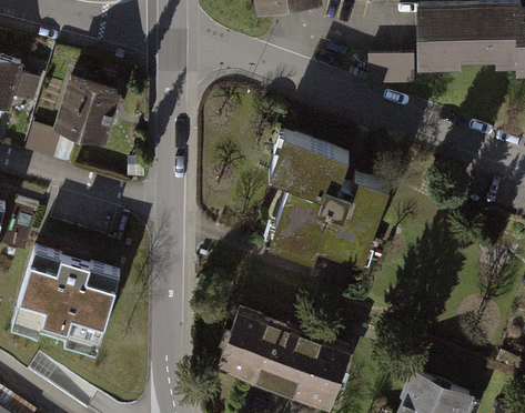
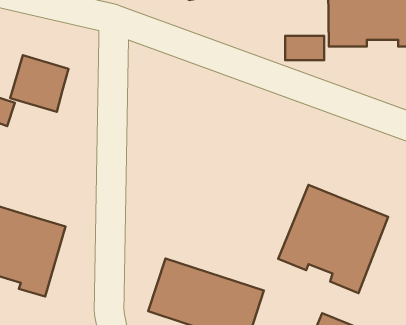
building: [262,134,387,260] -> none
building: none -> [278,185,388,293]

